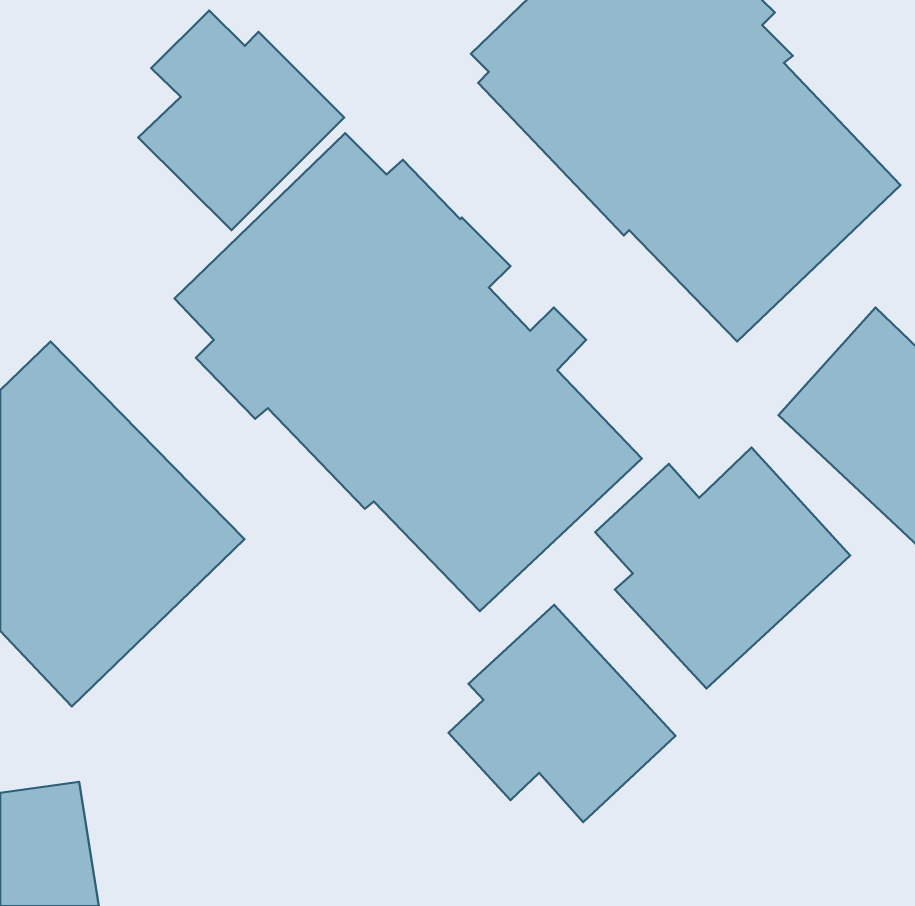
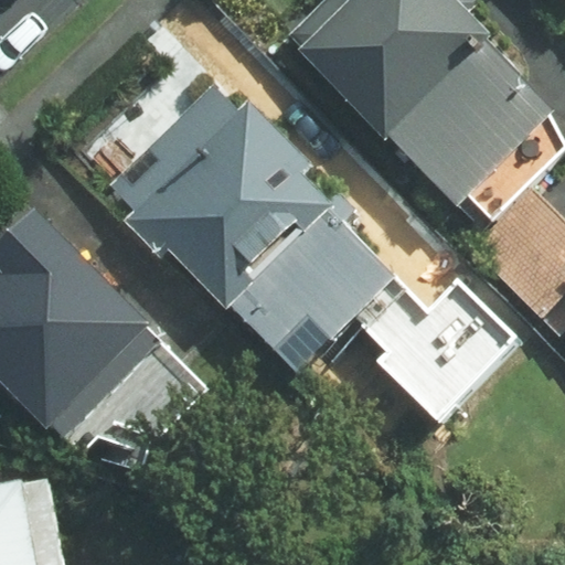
building: [138,11,344,230] -> none
building: [448,605,675,822] -> none

